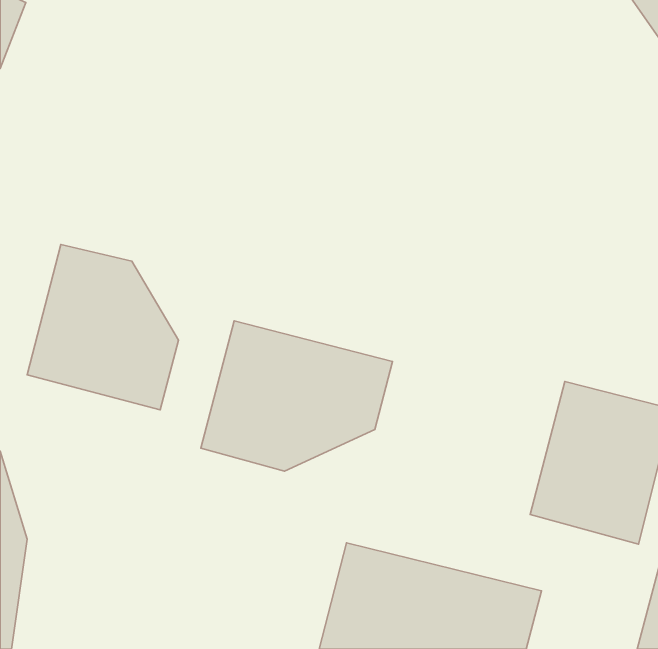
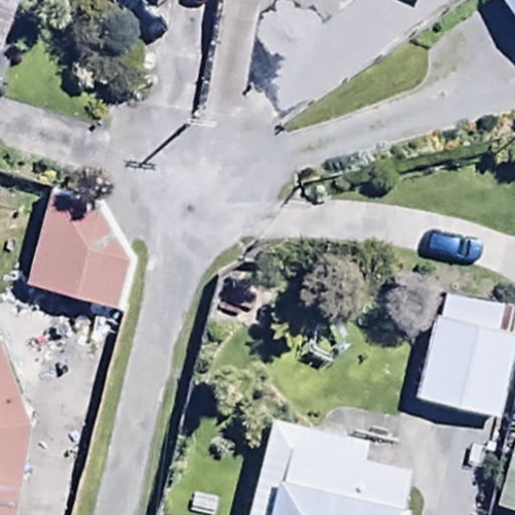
building: [201,321,393,471] -> none

